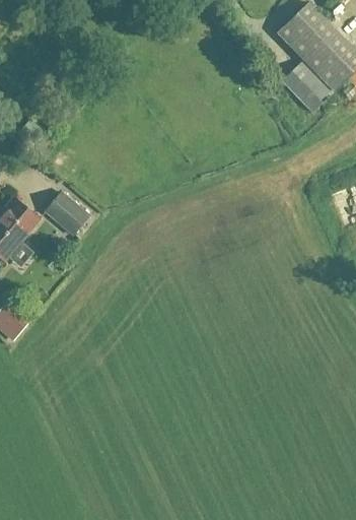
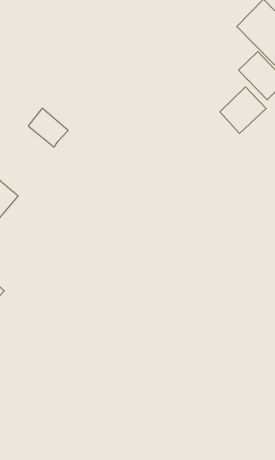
building: none -> [220,87,266,133]
building: [46,191,89,234] -> [28,108,68,147]

